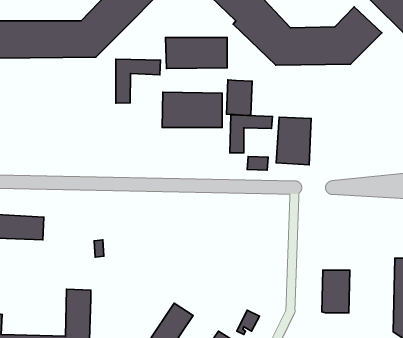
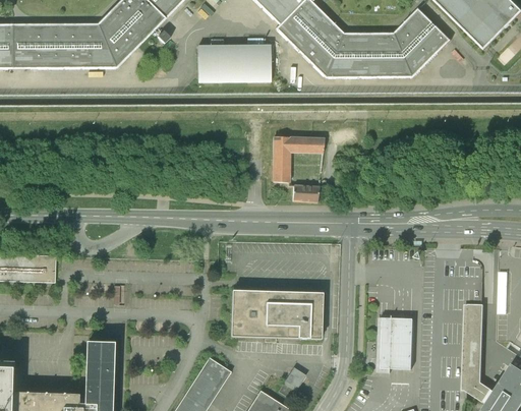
building: [116,59,160,103] -> none
building: [226,80,252,115] -> none
building: [162,92,222,127] -> none
building: [276,117,311,165] -> none
building: none -> [229,288,321,339]

